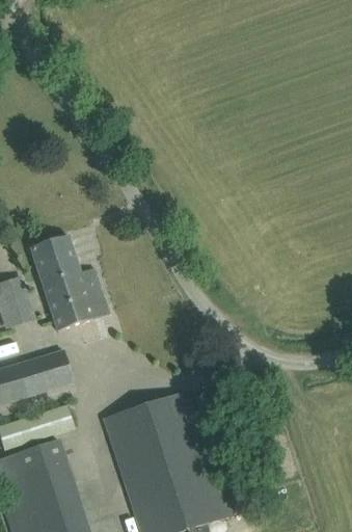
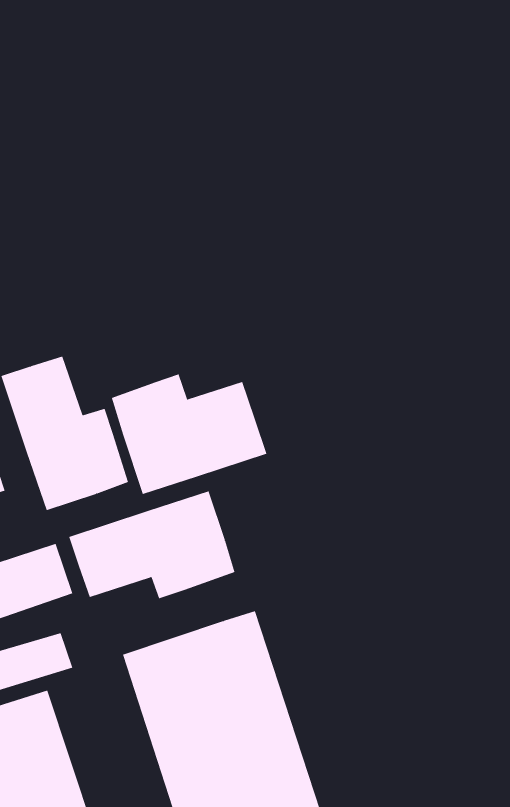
building: none -> [111,374,267,495]
building: none -> [68,490,235,599]

